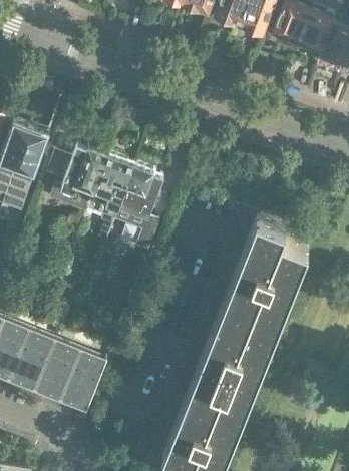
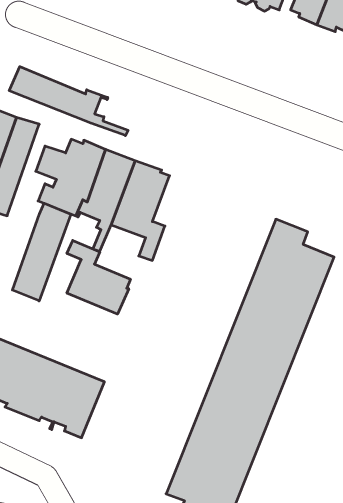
building: none -> [9,67,128,136]
building: none -> [12,203,71,301]
building: none -> [67,240,130,314]

